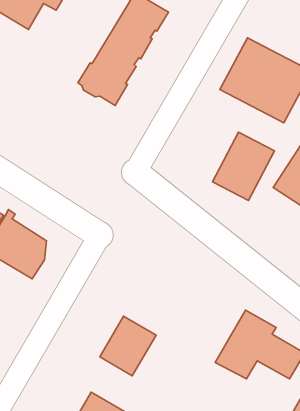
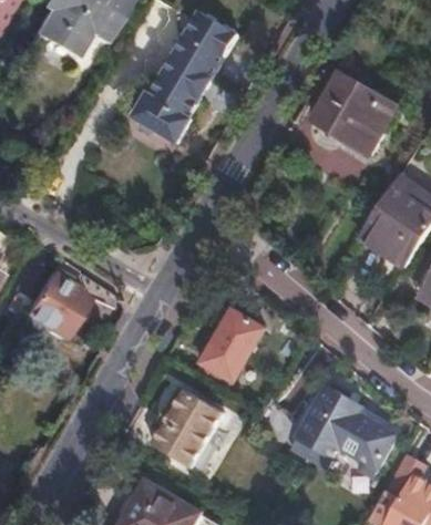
building: [212,132,275,201] -> none
building: none -> [199,307,265,380]

